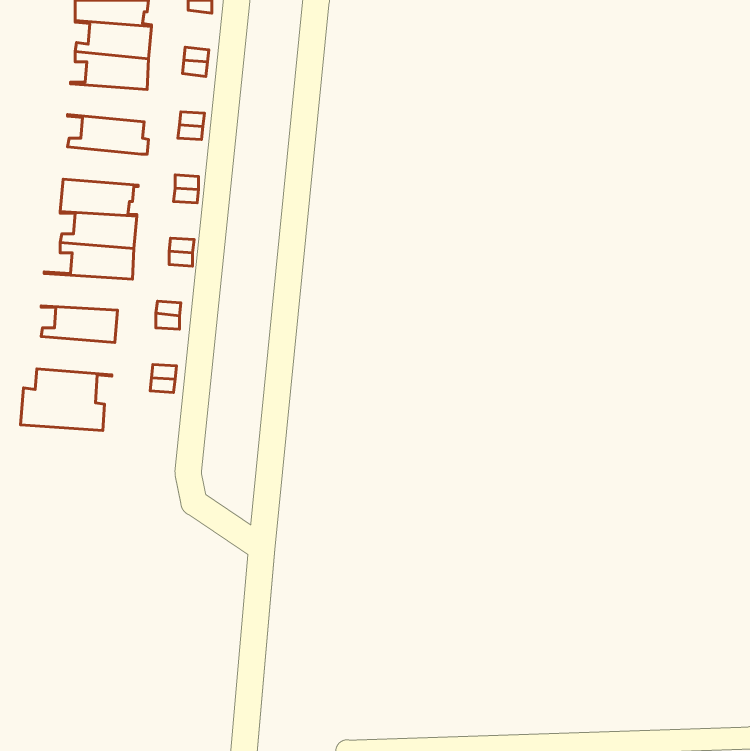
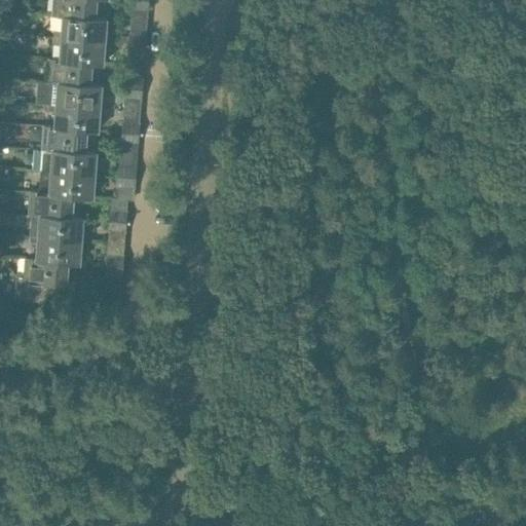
building: none -> [48,59,104,85]
building: none -> [45,103,100,129]
building: none -> [30,191,93,217]
building: none -> [27,235,81,262]

